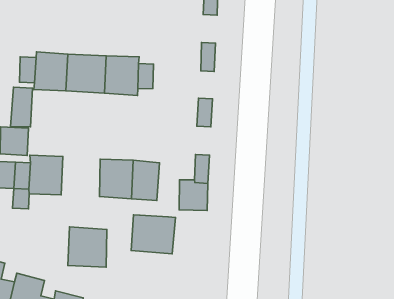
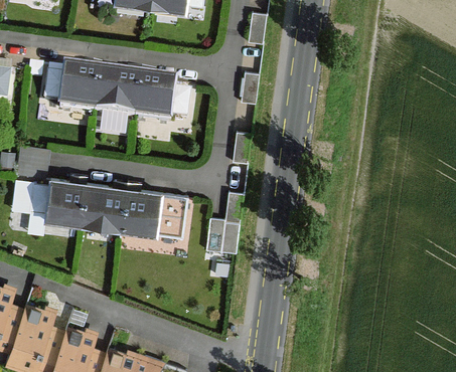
building: [10,87,33,127] -> none
building: [131,215,175,254] -> none
building: [68,227,107,267] -> [80,184,125,230]

